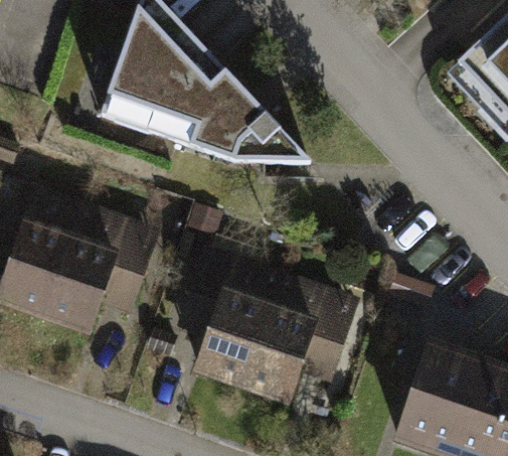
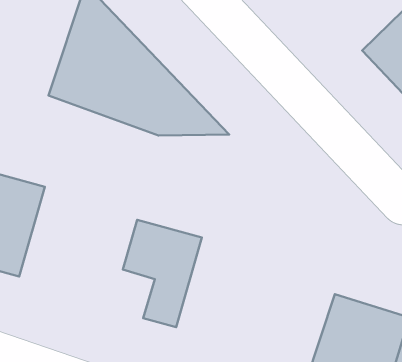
building: [70,219,173,332] -> none
building: [248,277,350,390] -> none

